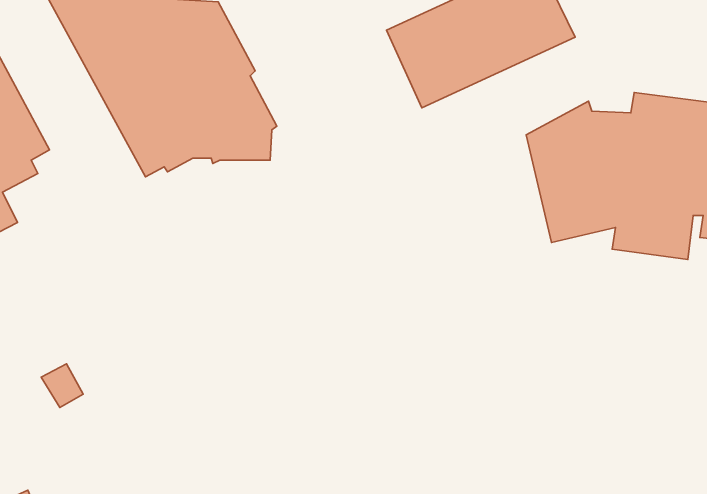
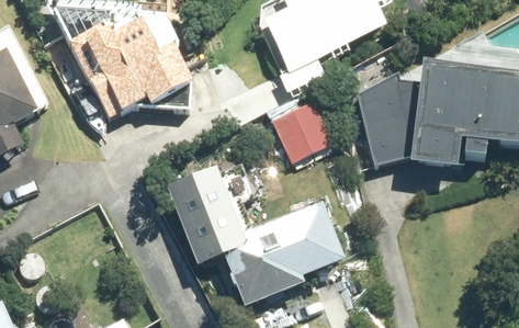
building: none -> [268,94,330,157]
building: none -> [166,168,346,310]

